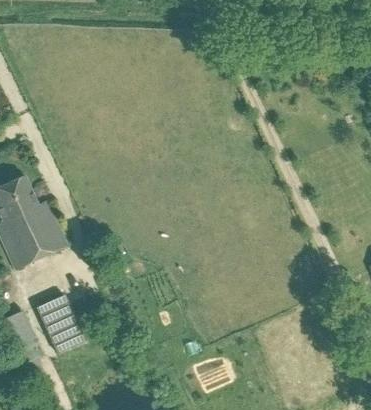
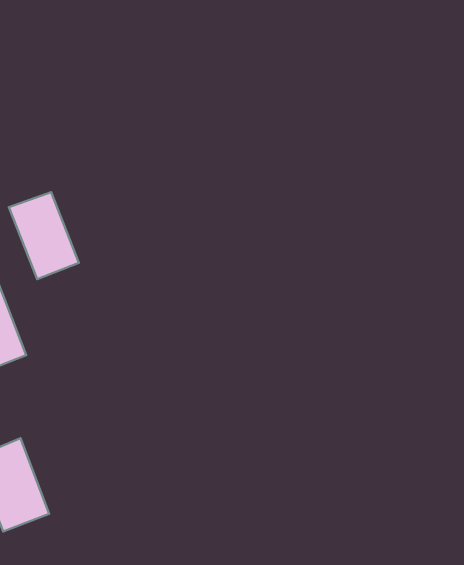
building: none -> [9,192,79,279]

